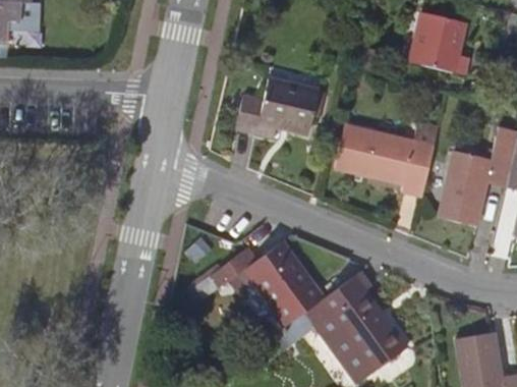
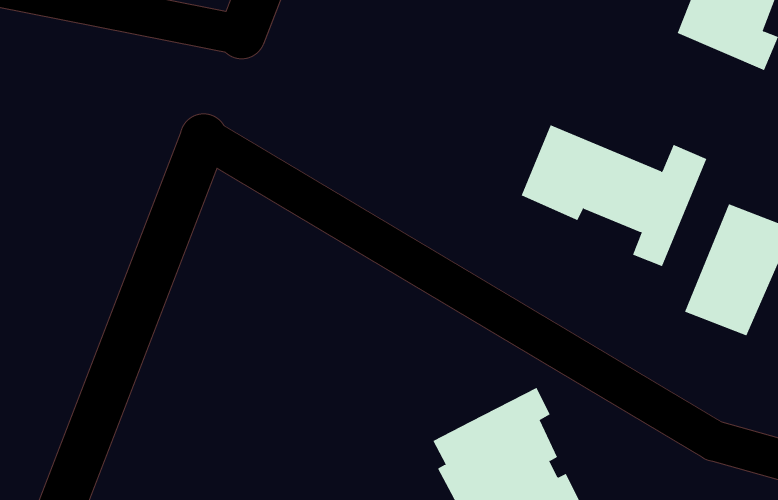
building: [235,79,318,136] -> none
building: [197,243,327,325] -> none

